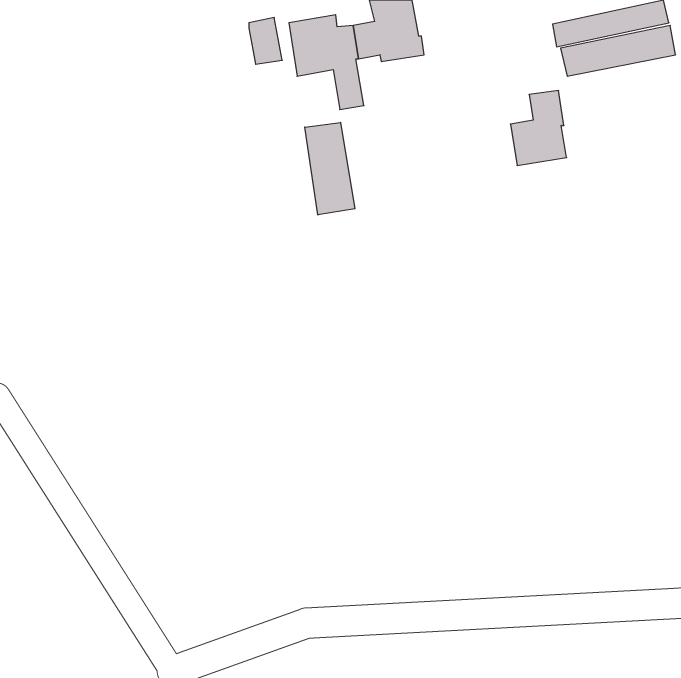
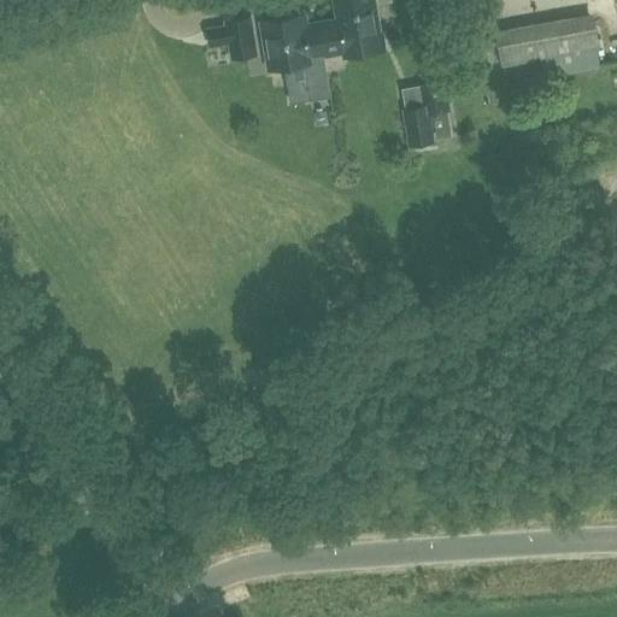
building: [510,91,567,165] -> [401,83,452,151]
building: [305,122,355,215] -> none

